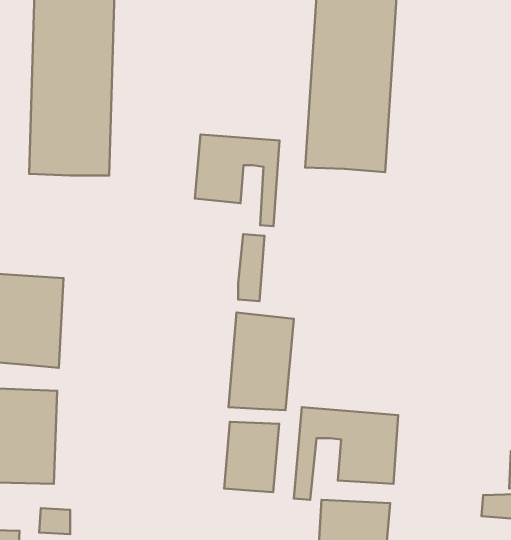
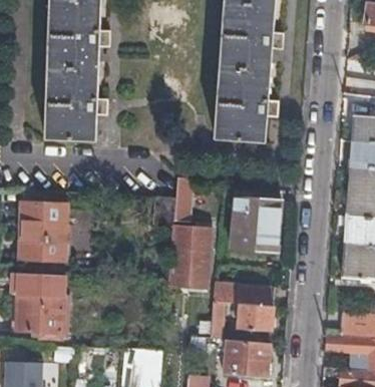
building: [195,134,280,226] -> none
building: none -> [232,200,281,252]
building: [224,422,279,492] -> none

